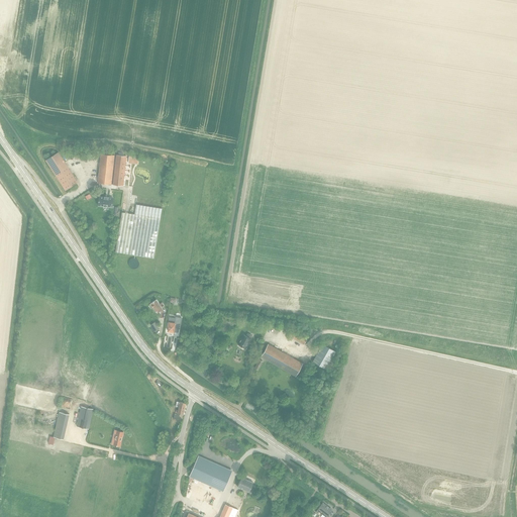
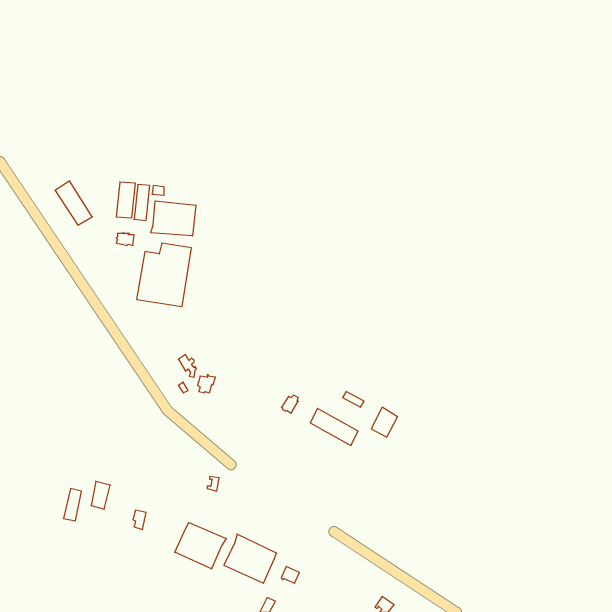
building: none -> [151,201,196,236]
building: none -> [175,523,226,569]

